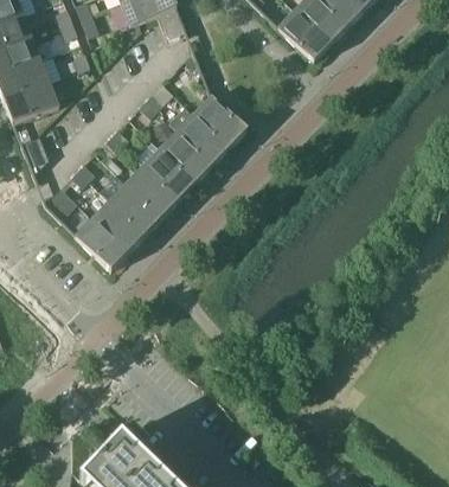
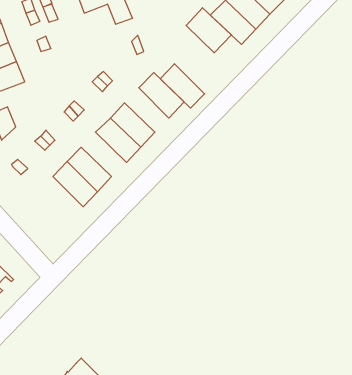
building: none -> [186,8,232,53]
building: [177,110,229,162] -> [160,64,205,108]
building: [126,162,179,214] -> none
building: [75,214,128,267] -> none

